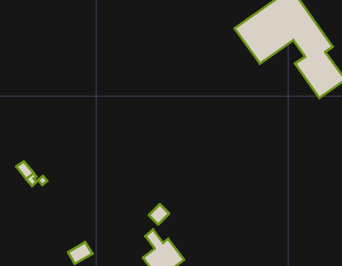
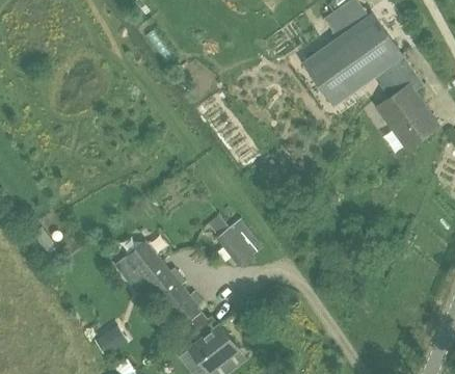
building: none -> [214,225,261,266]
building: none -> [125,240,198,322]

